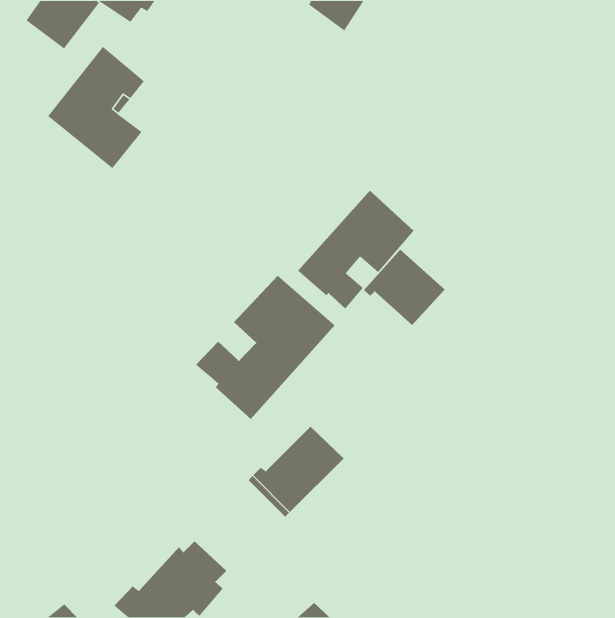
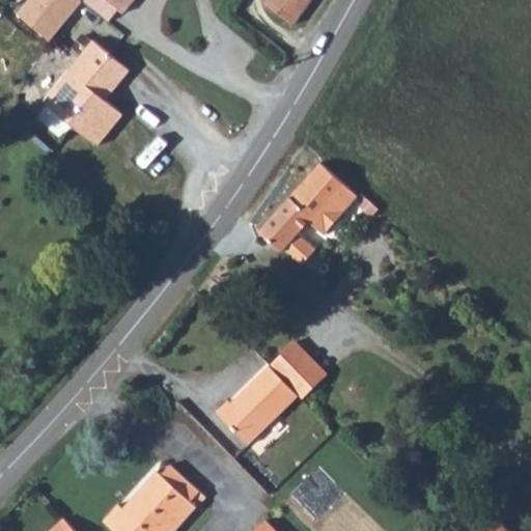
building: [363,249,446,326] -> none
building: [195,275,336,420] -> none
building: none -> [269,340,326,397]

